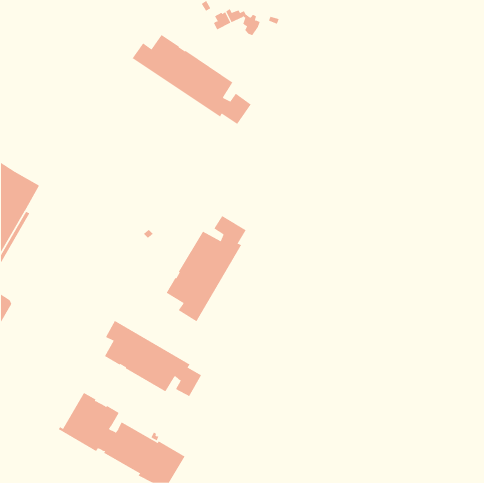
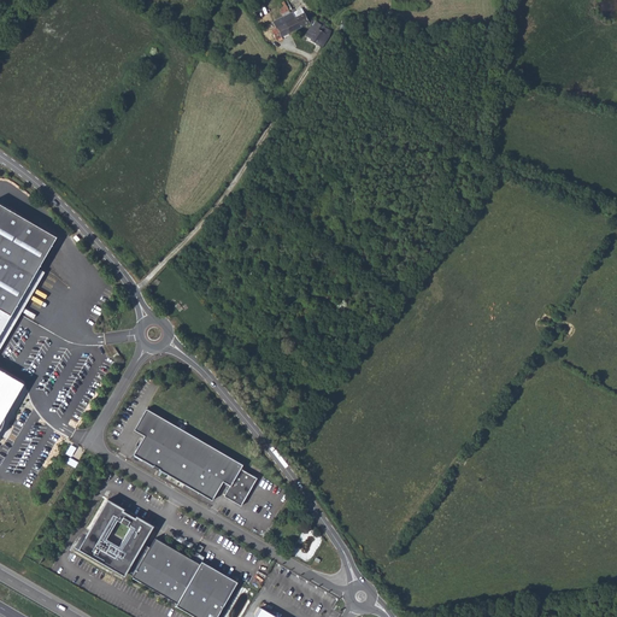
building: [132,34,252,125] -> none
building: [166,215,246,322] -> none

